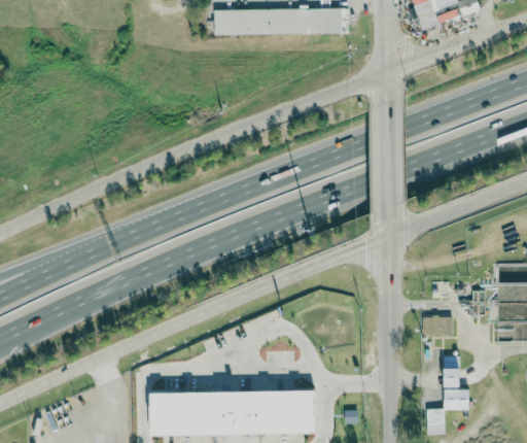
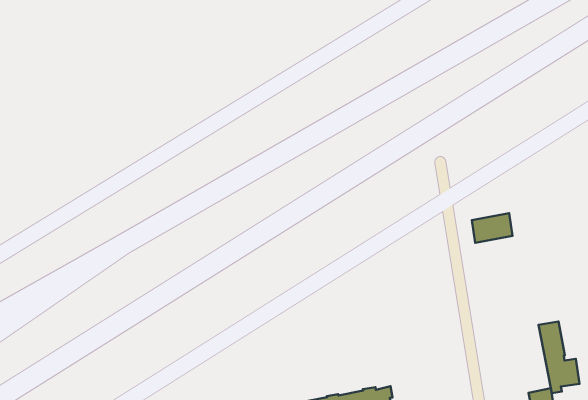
building: [419,319,450,339] -> [472,213,512,243]

